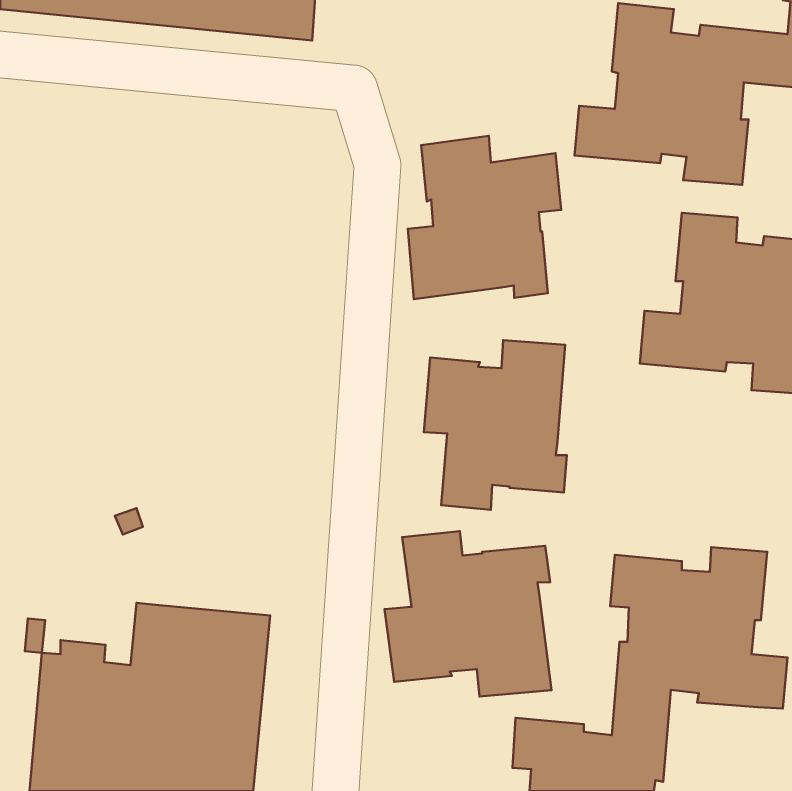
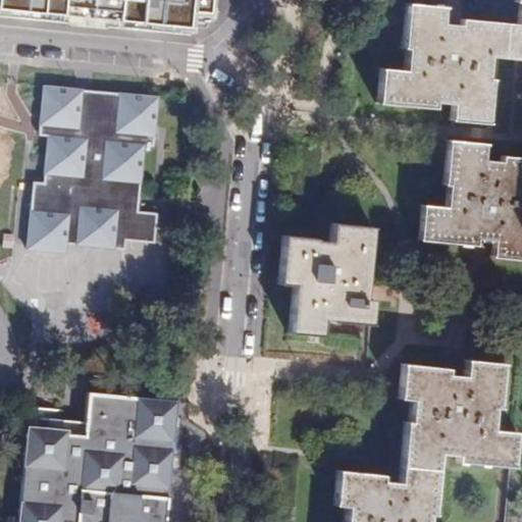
building: none -> [29,89,157,252]
building: [408,136,561,299] -> none
building: [385,531,552,696] -> none

